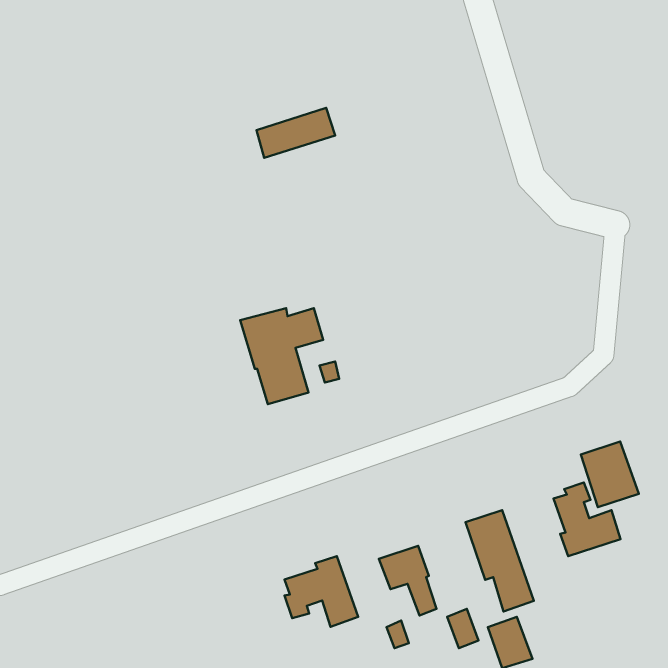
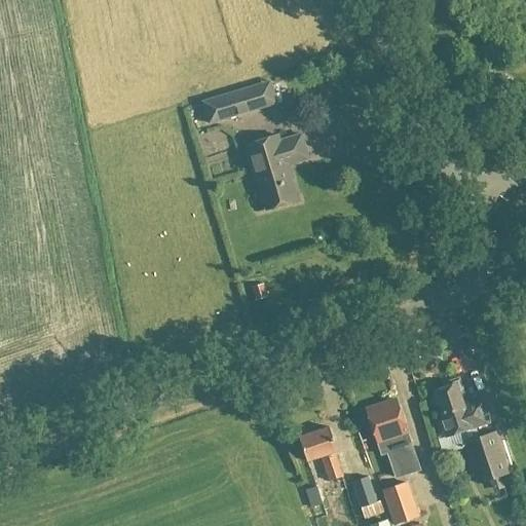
building: [240,308,323,404] -> [245,134,309,209]
building: [581,441,639,507] -> [464,430,510,482]
building: [284,556,358,627] -> none

